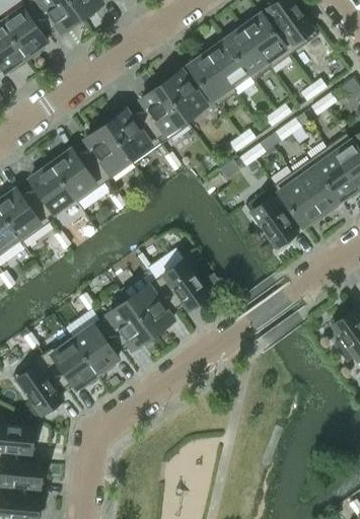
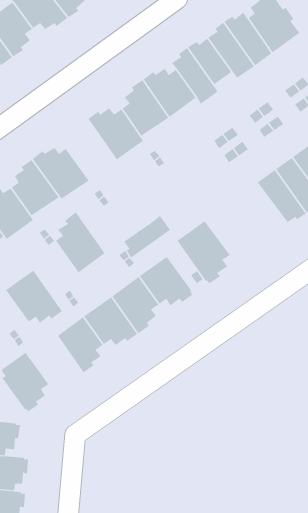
building: [81,122,132,183] -> [55,212,106,273]
building: [244,186,303,249] -> [177,221,235,284]
building: none -> [123,215,171,258]
building: [41,336,98,389] -> [5,270,63,323]

